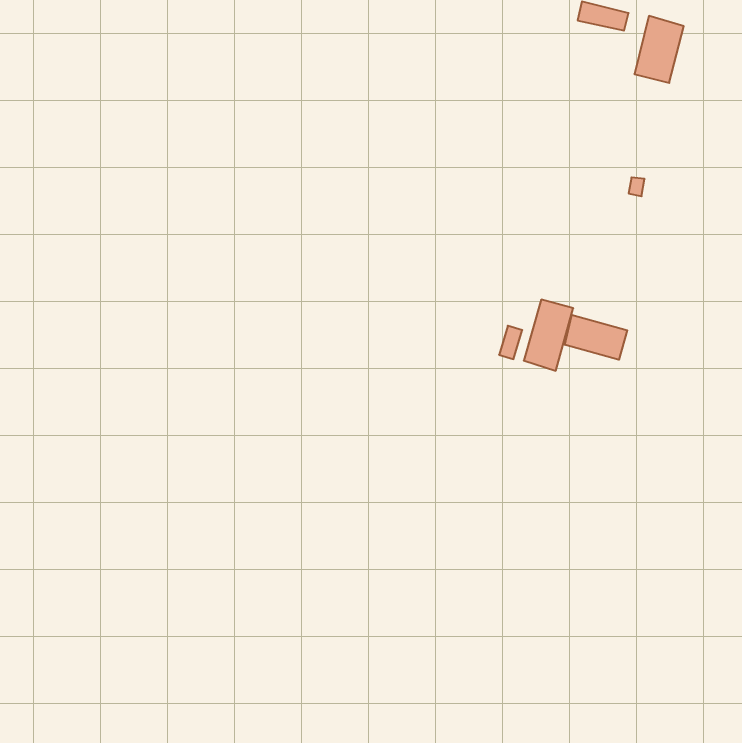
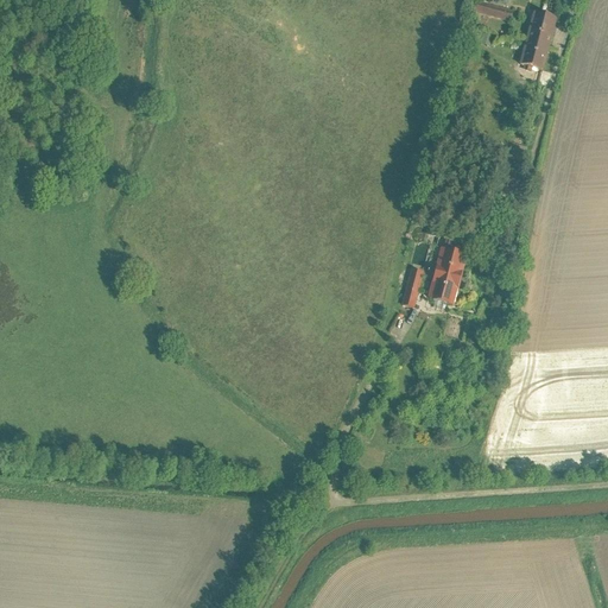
building: [565,315,627,360] -> none

